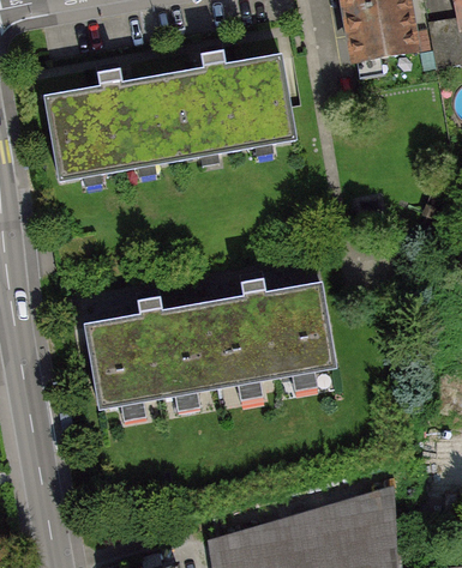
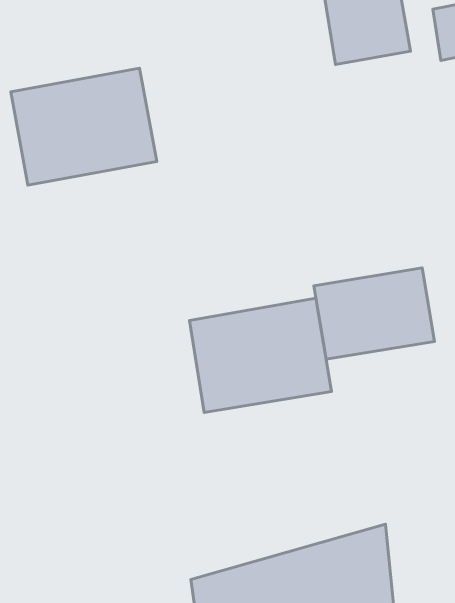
building: [161,50,298,158] -> none
building: none -> [314,268,434,359]
building: [85,303,220,407] -> none

